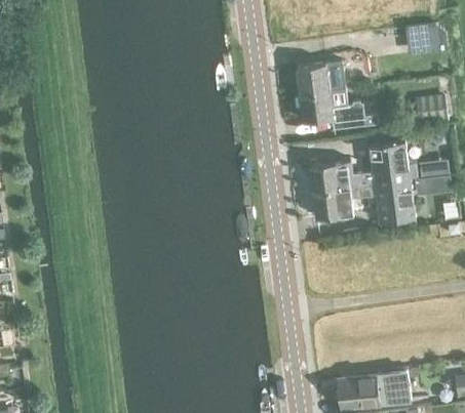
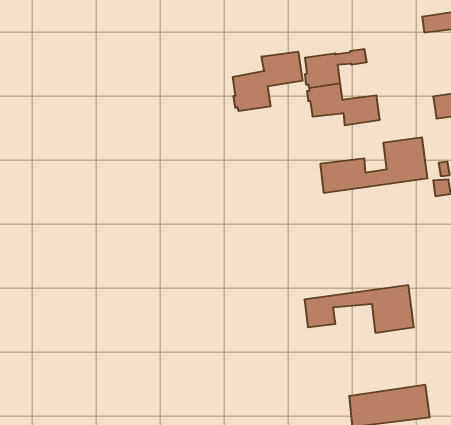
building: none -> [233,52,303,111]
building: [314,179,416,223] -> [304,285,414,333]

